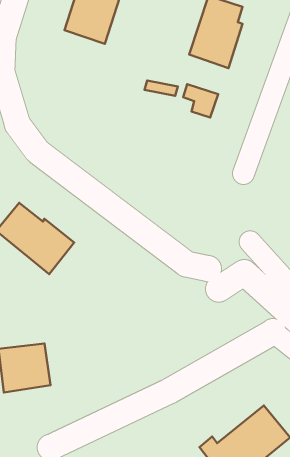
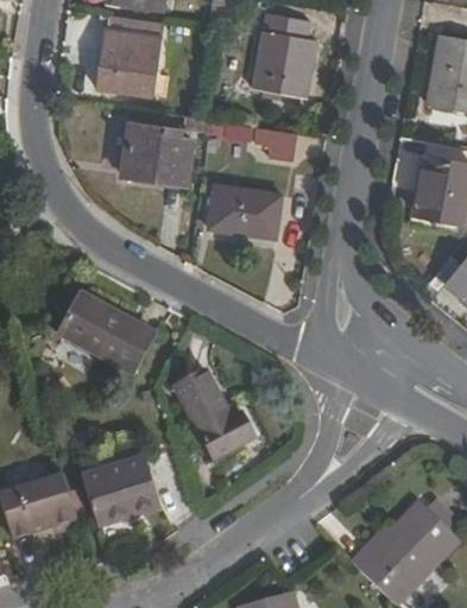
building: none -> [124,118,191,182]
building: none -> [208,177,282,228]
building: none -> [176,369,254,461]

